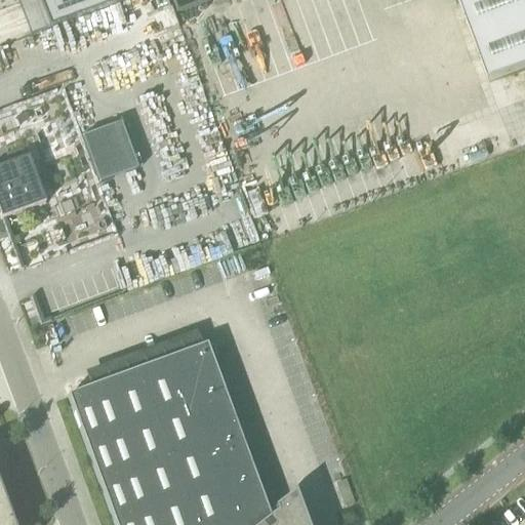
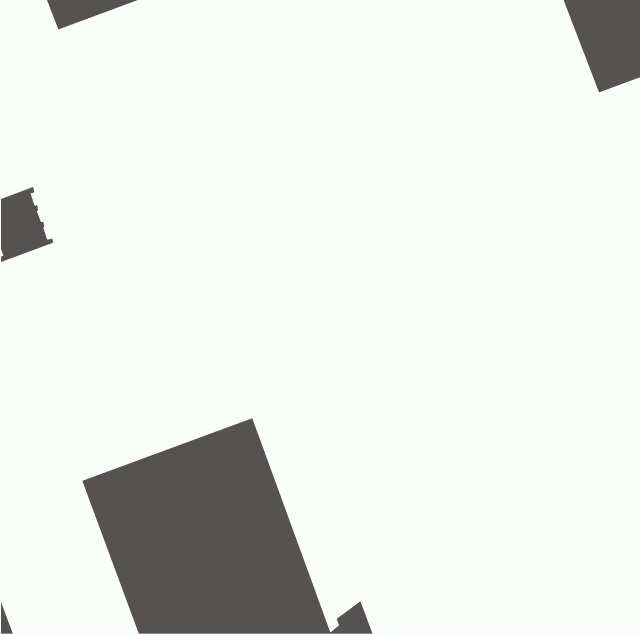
building: [83,118,139,178] -> none

